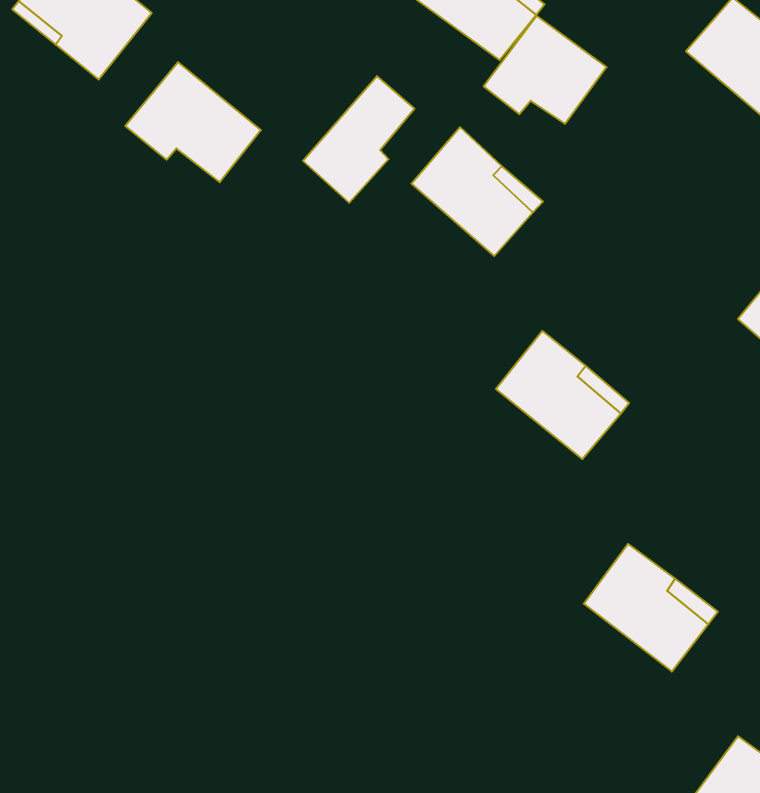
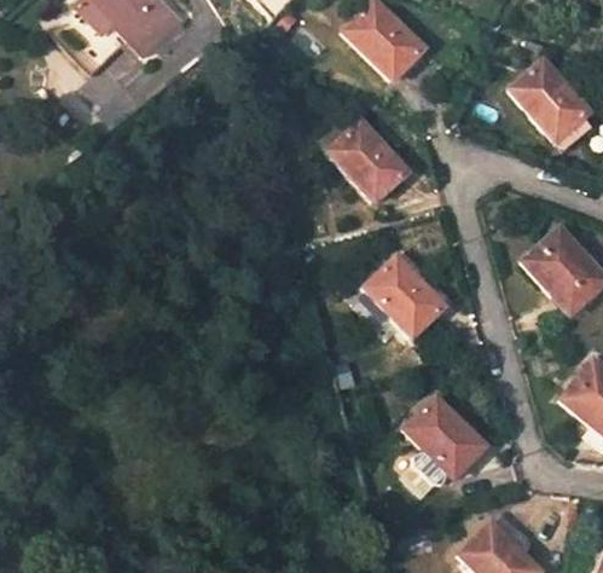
building: [484,16,607,124] -> none
building: [125,62,261,182] -> none
building: [303,76,414,203] -> none

